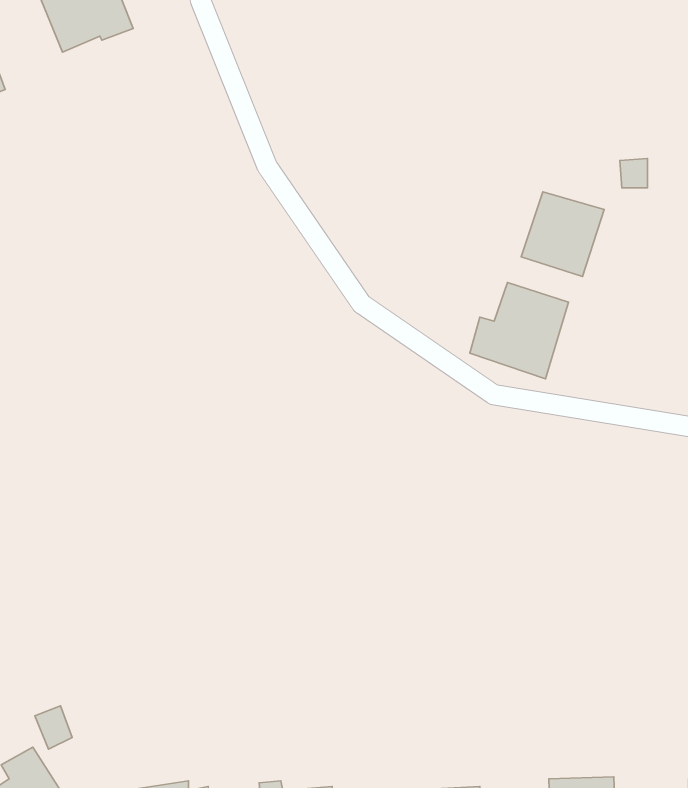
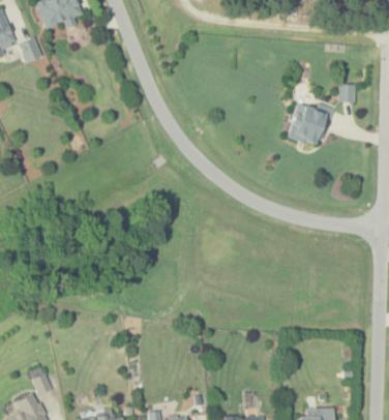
building: none -> [18,36,42,62]
building: [470,282,568,379] -> none

